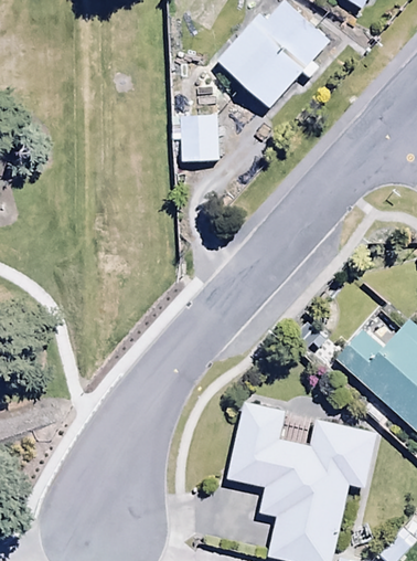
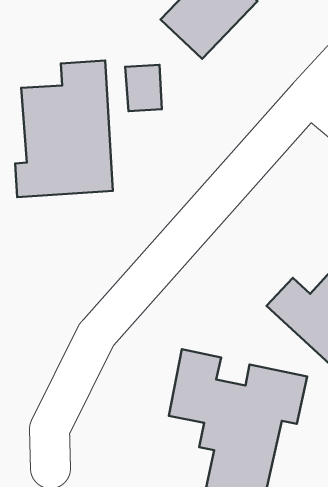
building: none -> [15,61,113,197]

